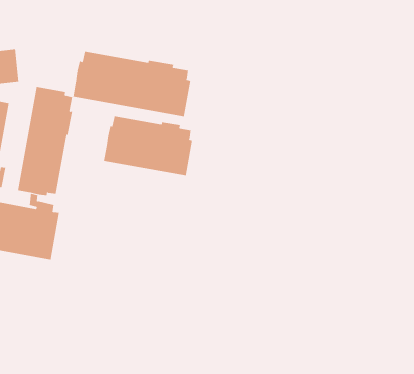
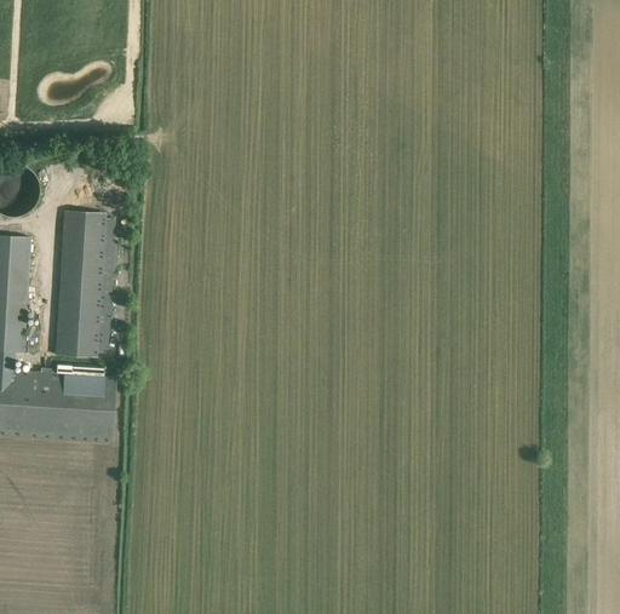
building: [73,51,191,117] -> none
building: [104,115,192,176] -> none

